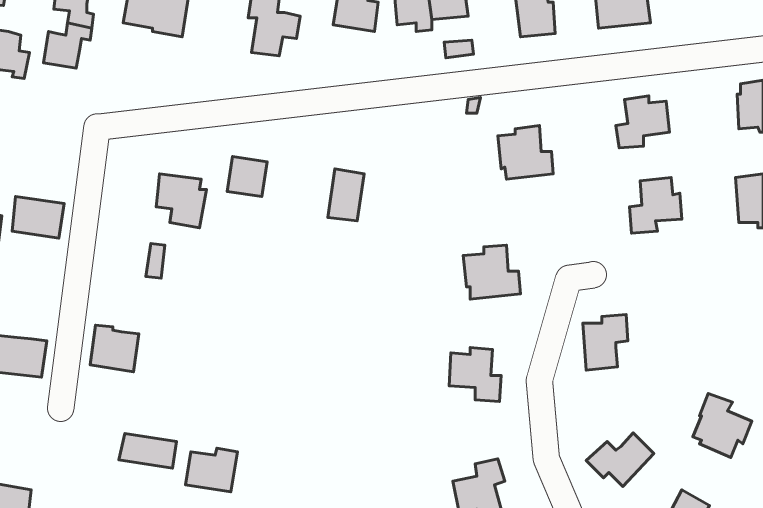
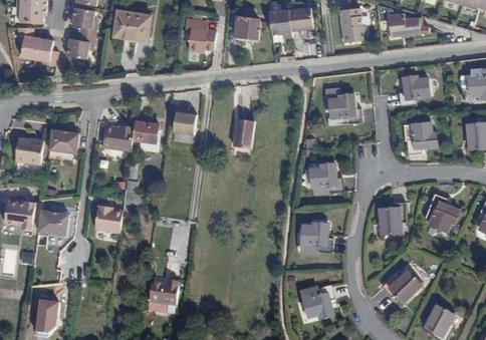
building: none -> [101,127,133,152]
building: [693,393,752,458] -> [424,193,458,230]
building: [119,433,176,468] -> none

